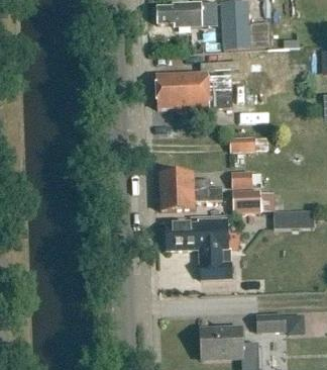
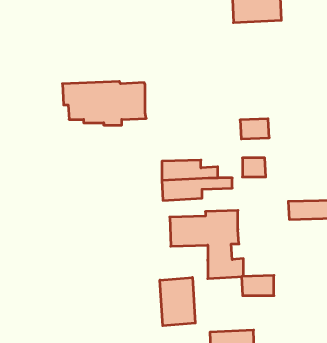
building: [156,73,232,112] -> [62,81,146,125]
building: [231,191,259,213] -> none
building: none -> [160,277,195,326]
building: [255,313,285,332] -> [242,275,274,296]

